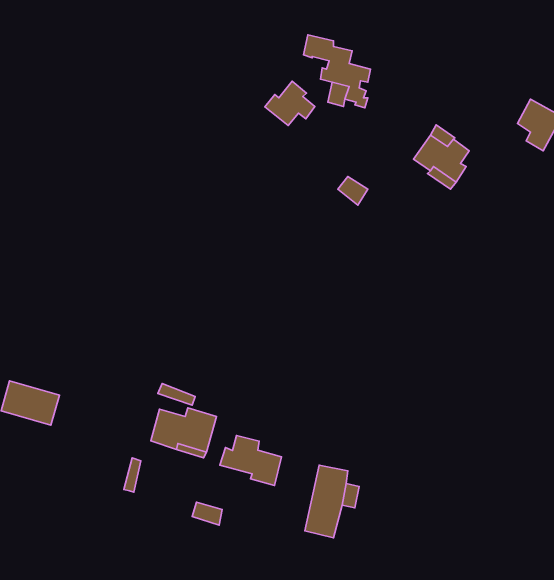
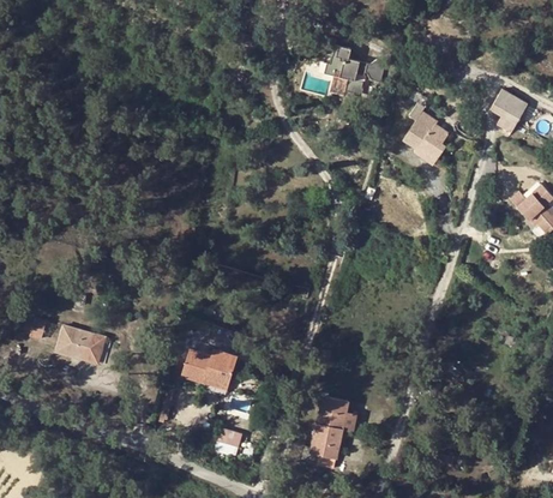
building: [265,81,315,126] -> none
building: [220,436,281,485] -> none

